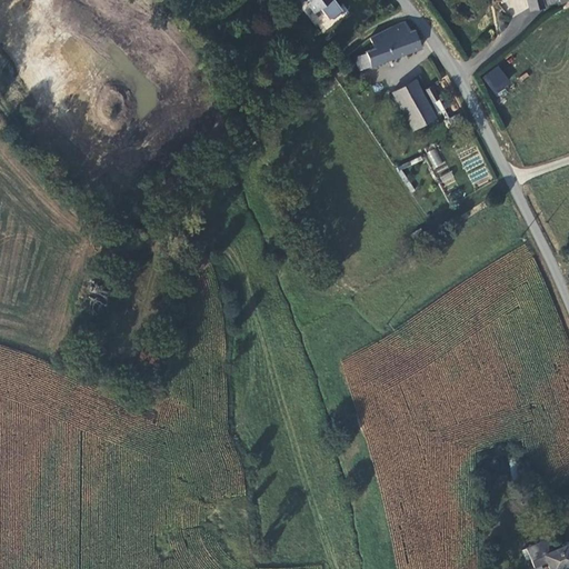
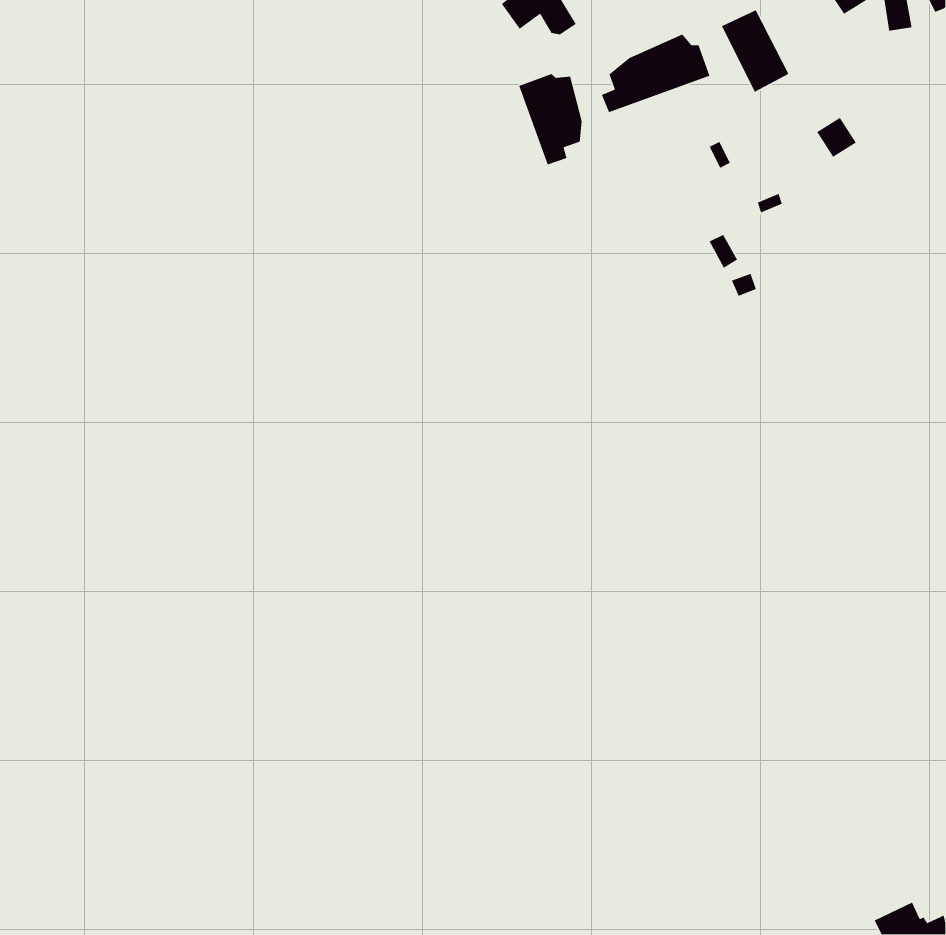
building: none -> [518,73,582,165]
building: [393,80,435,130] -> [721,9,790,93]

